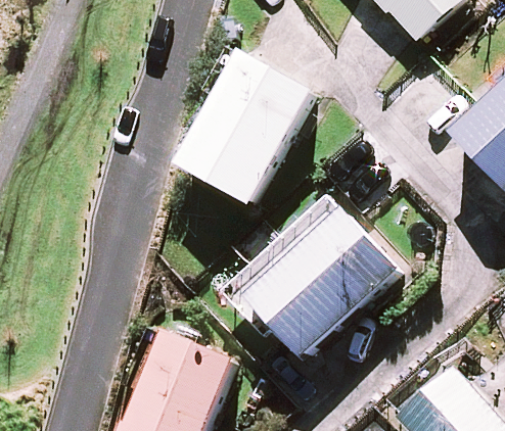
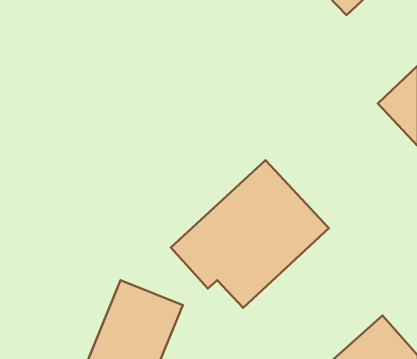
building: [177,52,311,204] -> none

